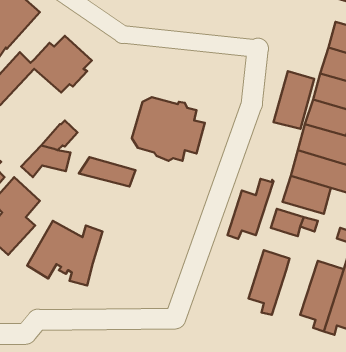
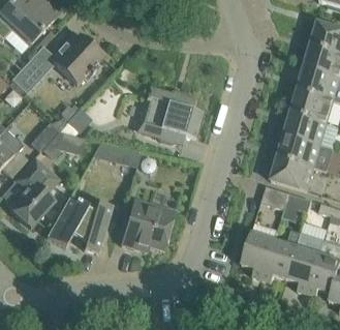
building: [273,71,314,129] -> none
building: [228,179,273,239] -> [260,230,301,282]
building: none -> [120,199,174,251]

